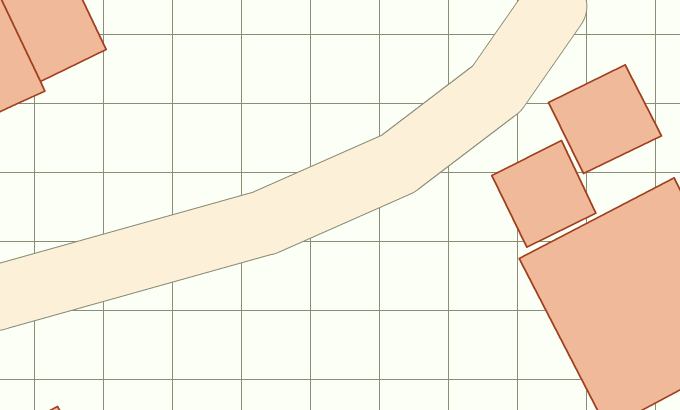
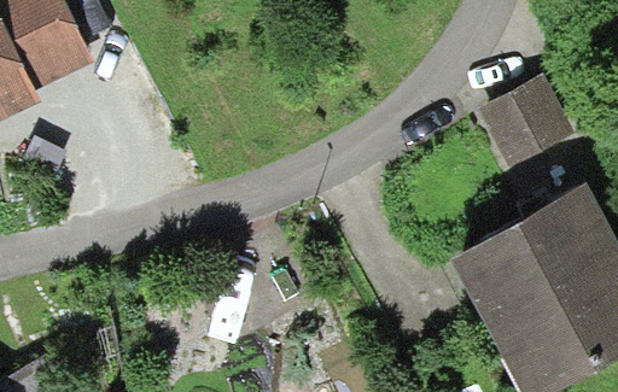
building: [492,141,596,247] -> none

